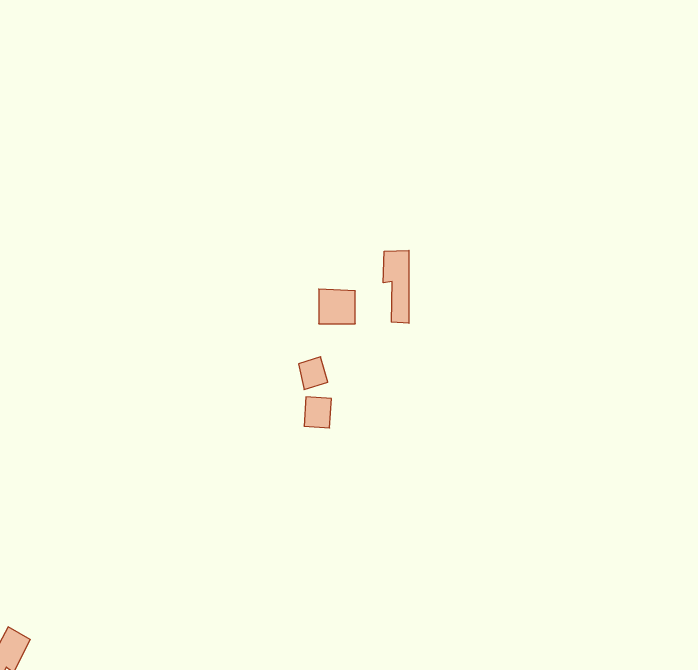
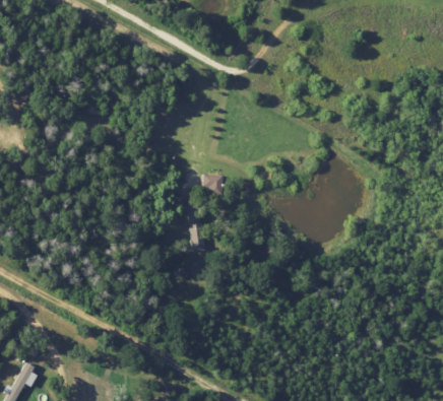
building: [383,250,409,323] -> none

